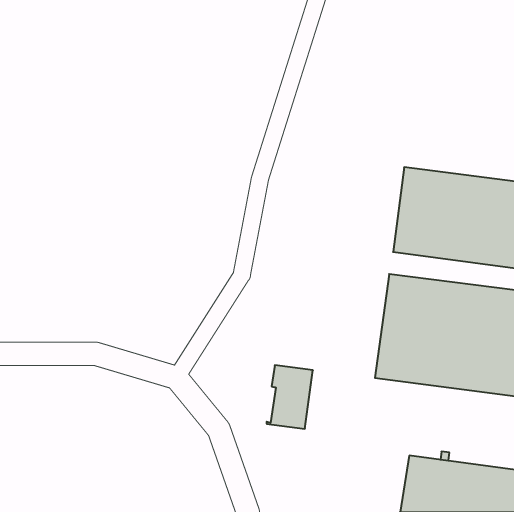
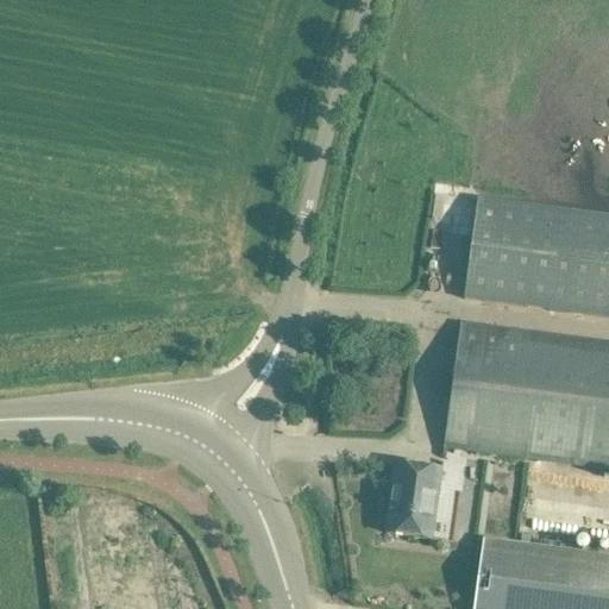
building: [267,365,313,429] -> [387,463,441,538]

